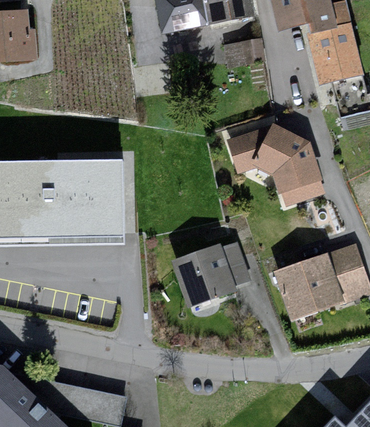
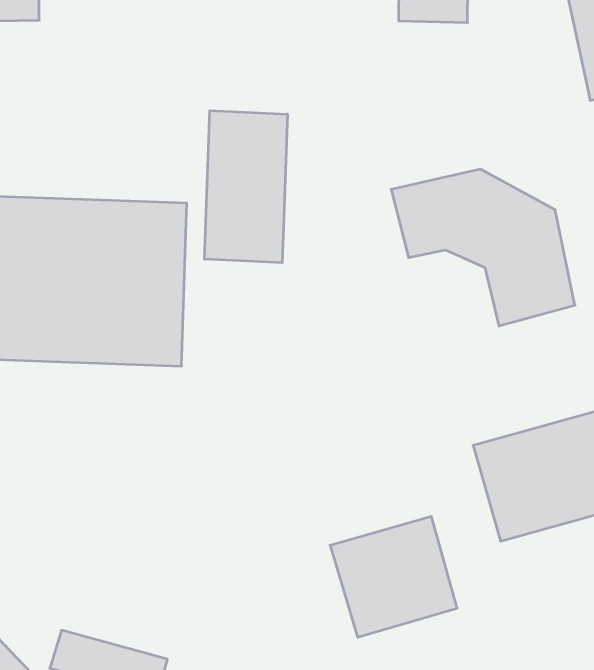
building: none -> [205,111,287,263]
building: [170,245,238,310] -> [330,516,457,637]

